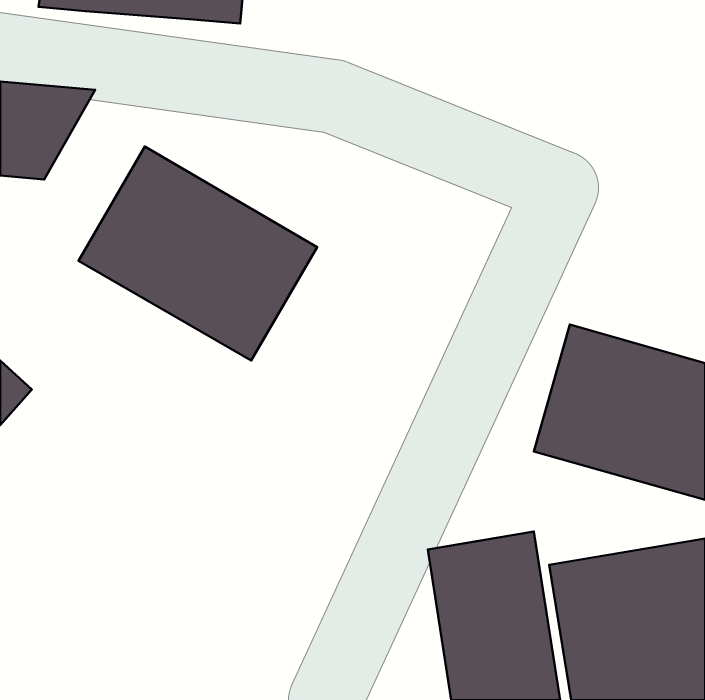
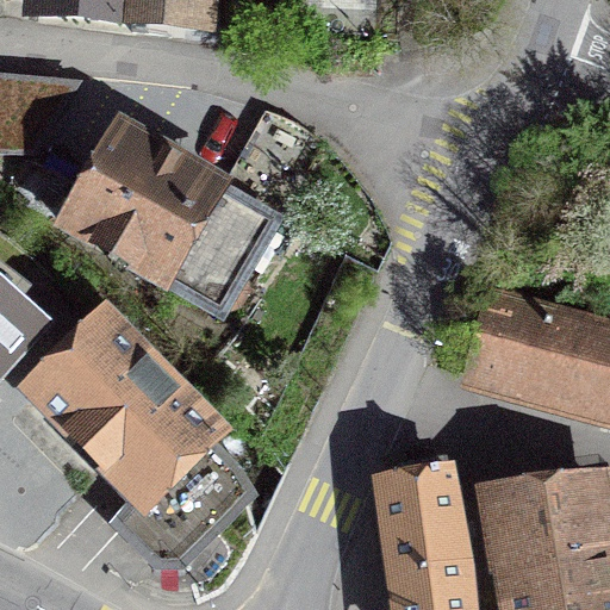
building: none -> [35,323,247,565]

